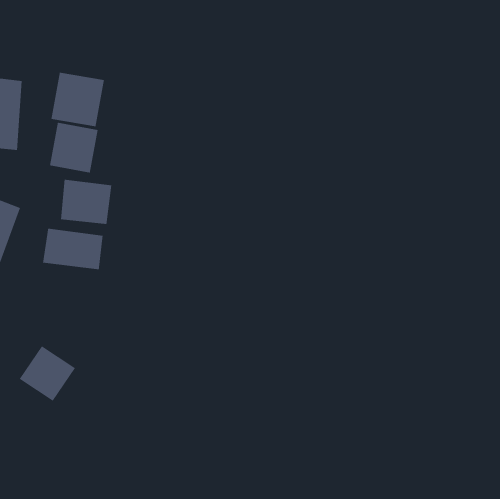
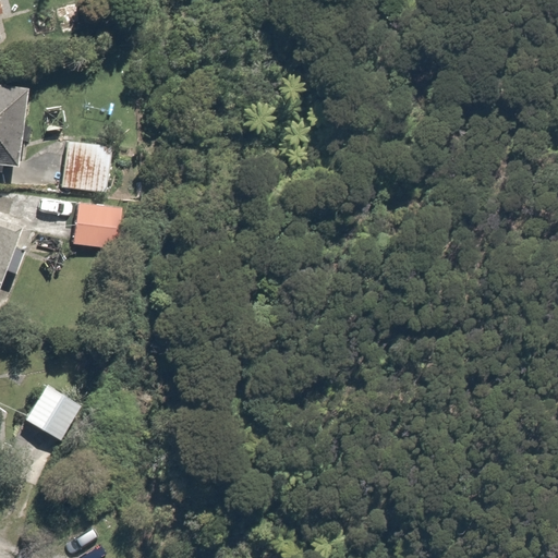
building: [51,72,104,127] -> none
building: [42,228,103,270] -> none

